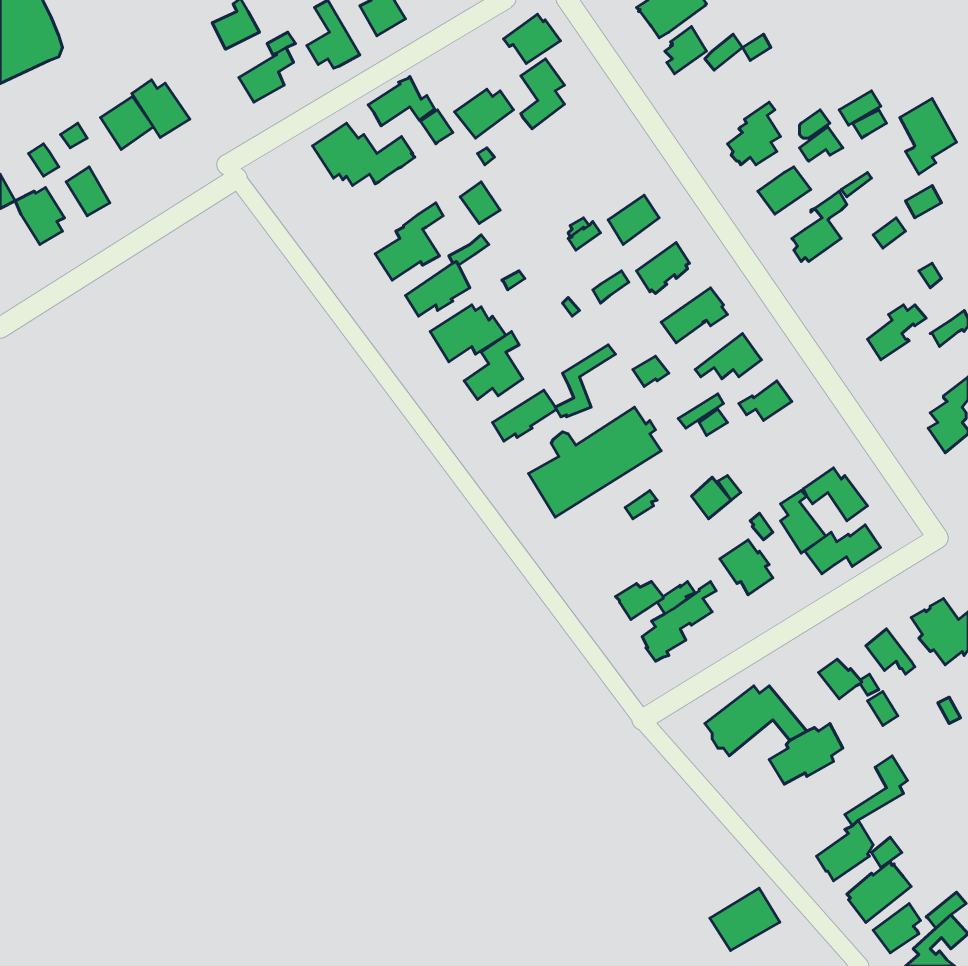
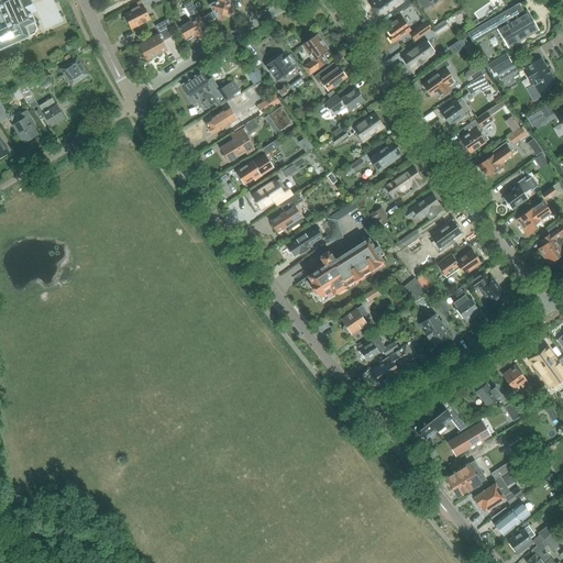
building: none -> [488,5,537,45]
building: [504,14,560,63] -> [313,62,346,90]
building: none -> [402,40,432,71]
building: [368,77,434,126] -> [205,106,243,134]
building: [132,80,190,137] -> none
building: none -> [323,88,364,115]
building: none -> [479,141,511,177]
building: none -> [517,200,551,234]
building: none -> [341,305,367,334]
building: [805,525,880,574] -> [435,250,479,278]
building: [710,888,780,951] -> [445,460,486,496]

